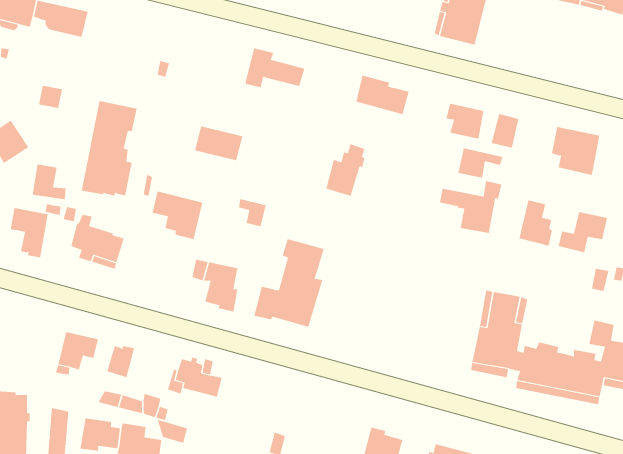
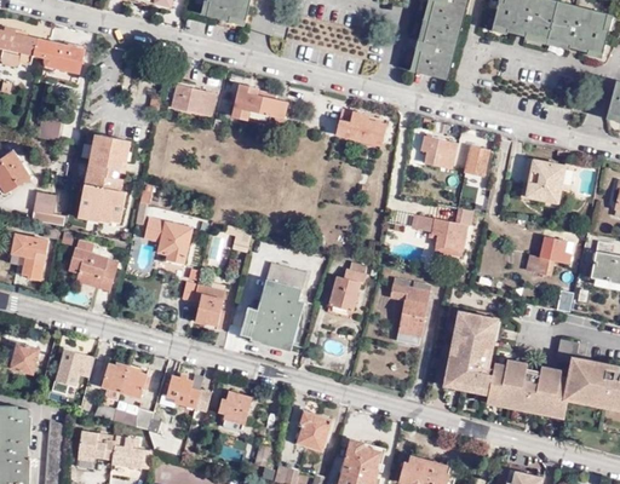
building: [194,126,243,161] -> [171,85,217,117]
building: [325,144,365,197] -> [328,261,366,311]
building: [458,147,503,178] -> none
building: [519,199,552,246] -> none
building: none -> [390,283,430,336]
building: none -> [10,342,40,375]
building: none -> [121,365,147,398]
building: none -> [218,391,252,425]
building: none -> [295,410,333,451]

